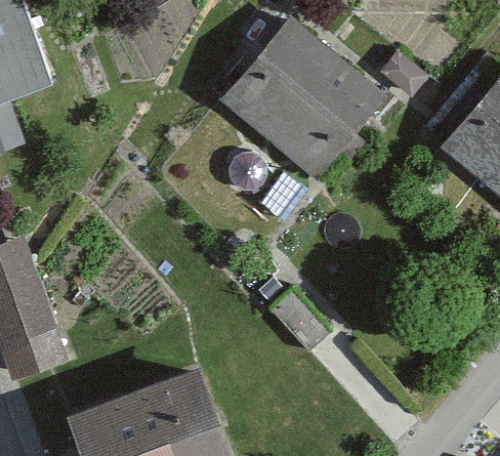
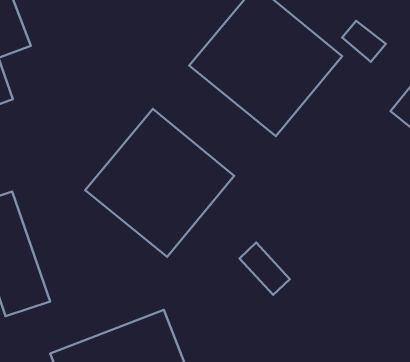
building: none -> [85,109,234,257]

